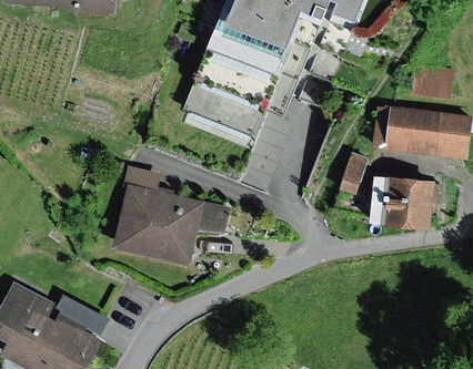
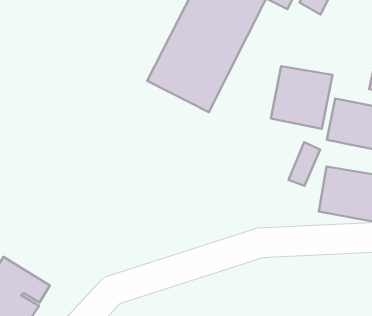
building: none -> [271,66,333,129]
building: [112,167,229,265] -> none

